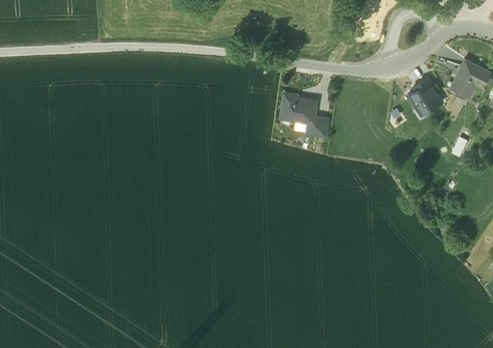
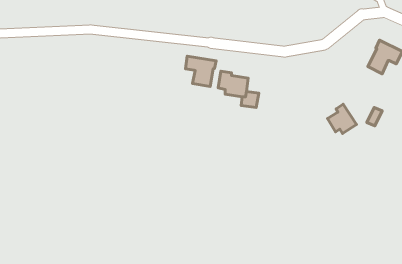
building: none -> [185,56,216,86]
building: [409,79,442,112] -> [327,104,357,133]

